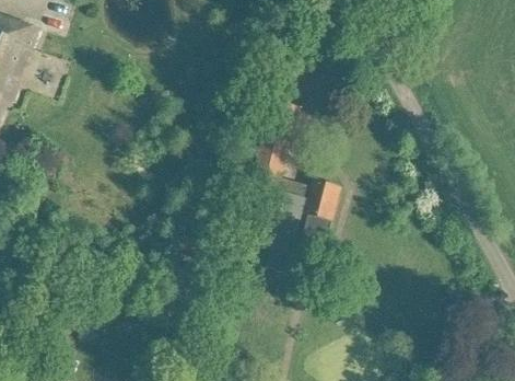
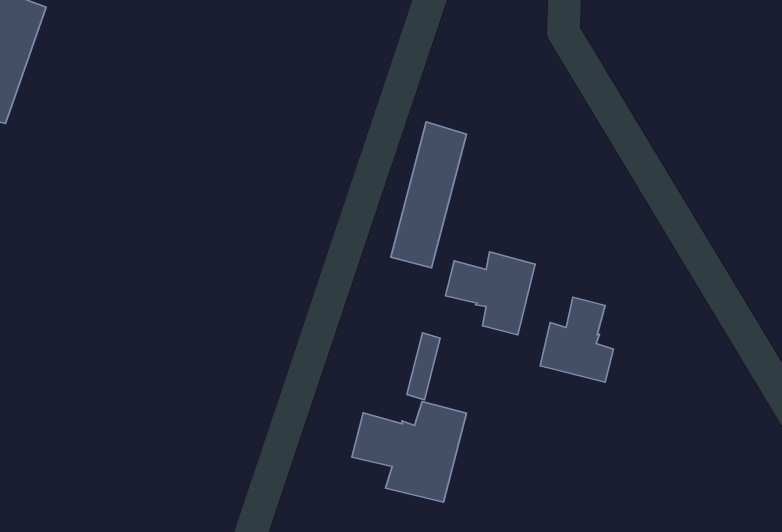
building: none -> [540,297,613,382]
building: none -> [352,402,466,502]

